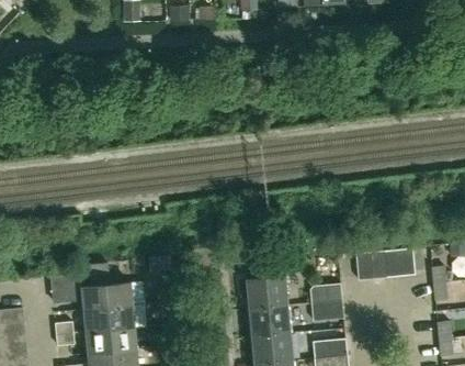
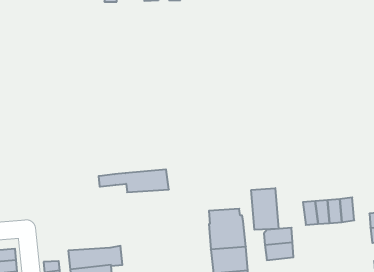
building: none -> [251,188,278,230]
building: [50,284,132,310] -> [99,169,169,192]

